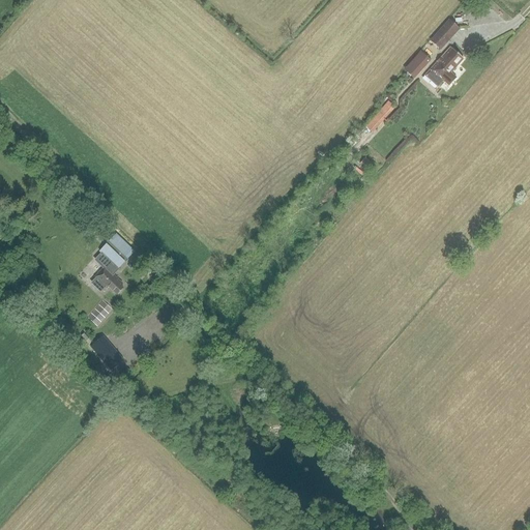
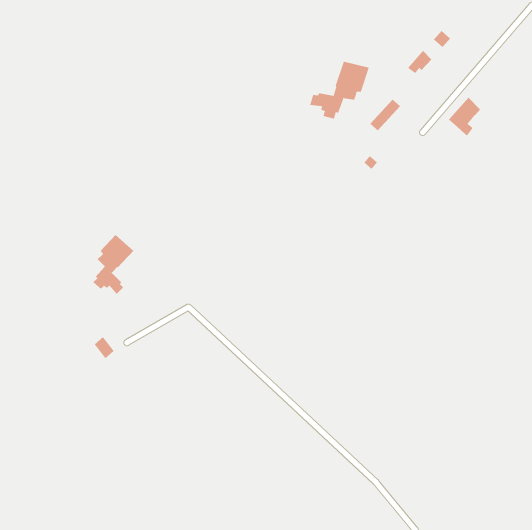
building: [425,45,463,84] -> [443,97,481,136]
building: none -> [310,61,370,119]

